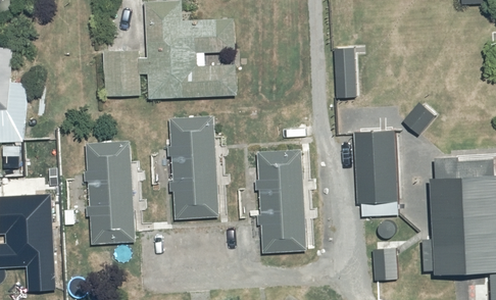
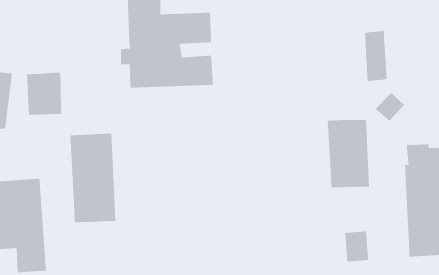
building: [333,46,357,99] -> [364,31,387,81]
building: [101,50,139,95] -> [26,72,62,115]
building: [168,117,215,217] -> none
building: [254,152,308,248] -> none

